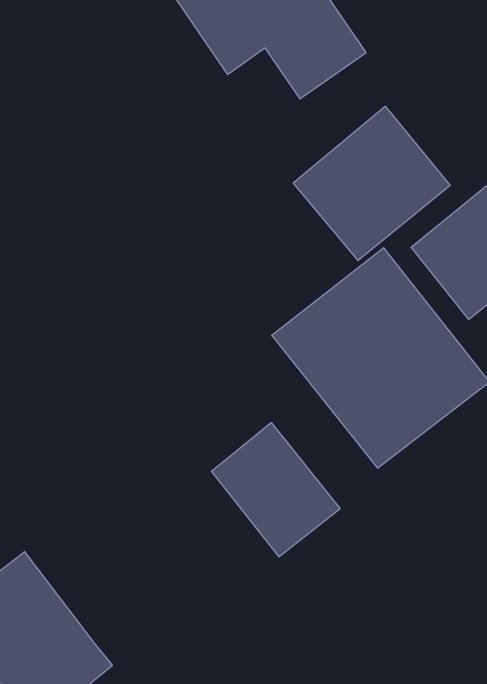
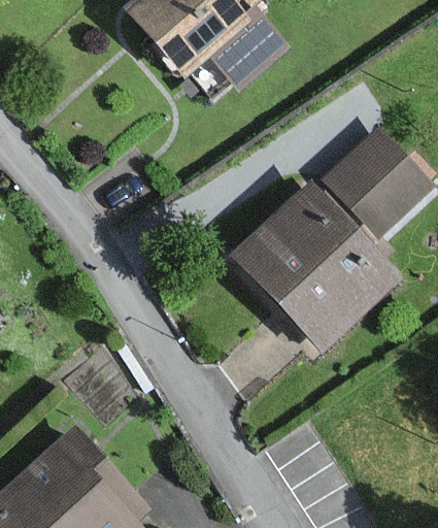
building: [293,106,450,261] -> none
building: [211,423,340,557] -> none

